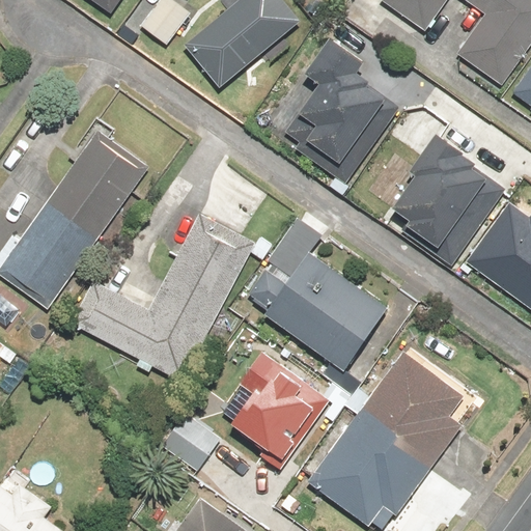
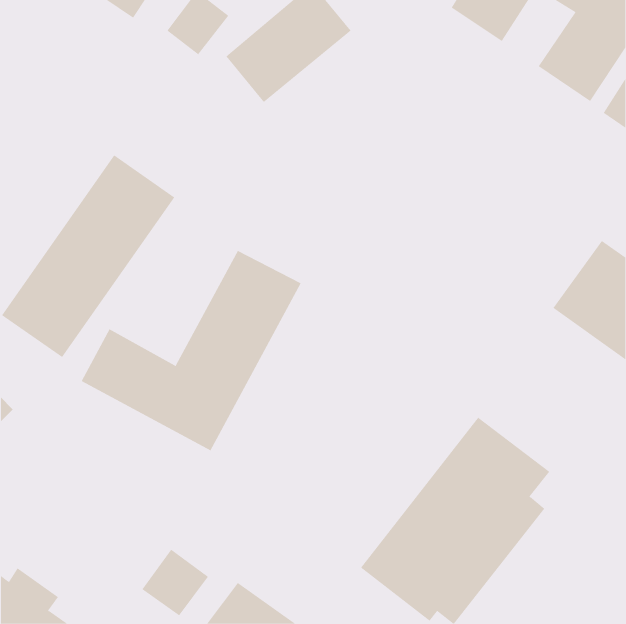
building: [284,36,397,183] -> none
building: [391,136,506,266] -> none
building: [249,235,391,371] -> none
building: [231,353,329,458] -> none
building: [163,413,220,470] -> [141,549,209,616]

